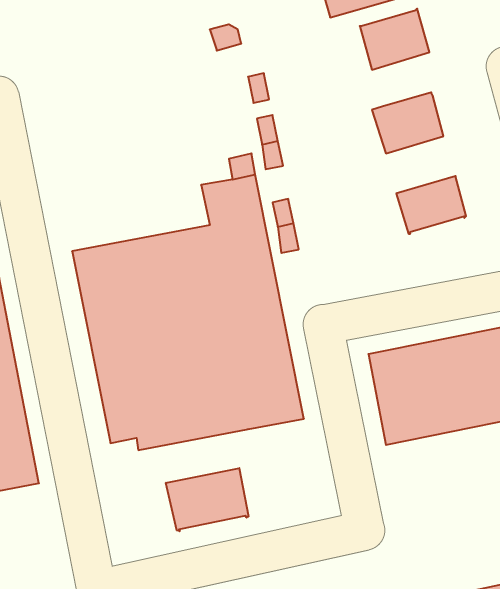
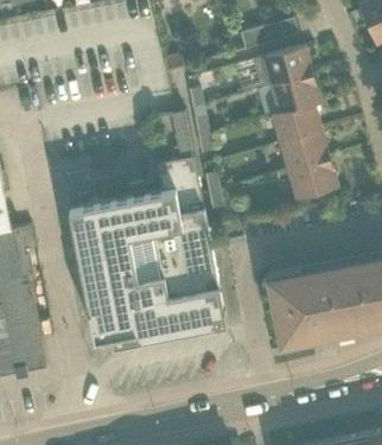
building: none -> [273,75,320,112]
building: none -> [282,132,330,171]
building: [166,468,248,531] -> none

